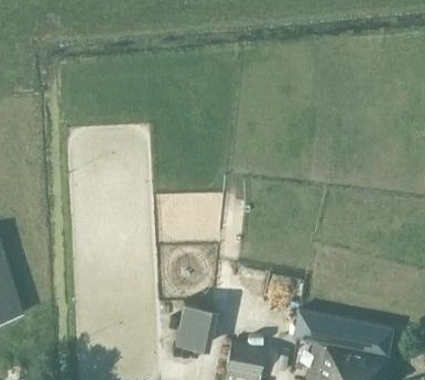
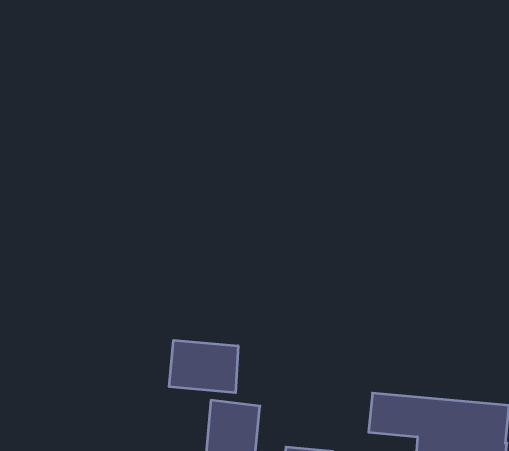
building: none -> [169,340,238,393]

